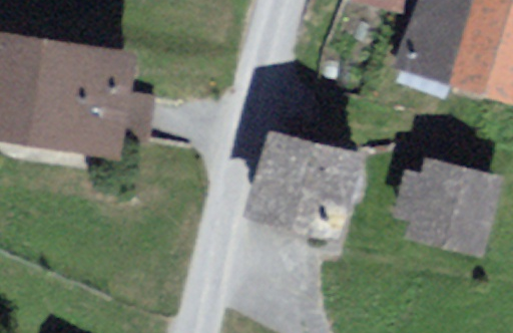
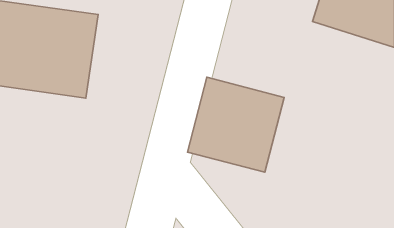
building: [401,158,500,257] -> none

